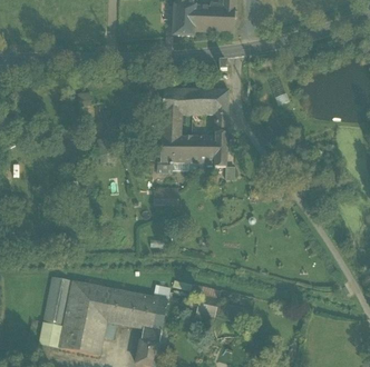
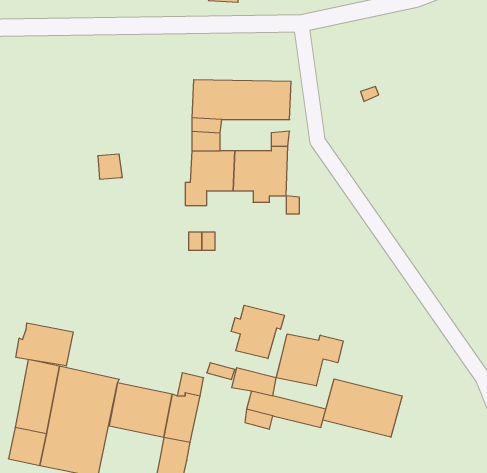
building: none -> [231,305,284,359]
building: none -> [16,323,73,366]
building: none -> [276,334,343,386]
building: none -> [323,379,402,437]

